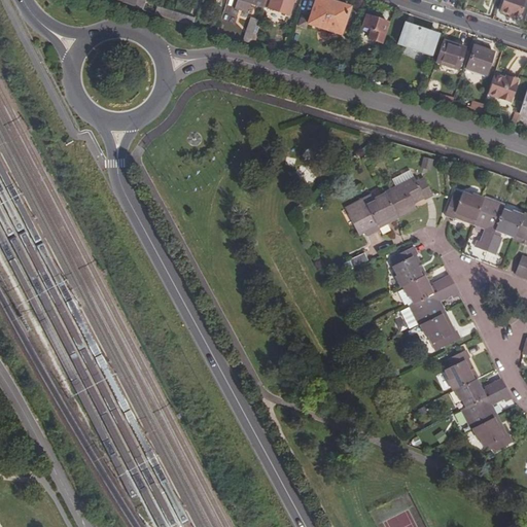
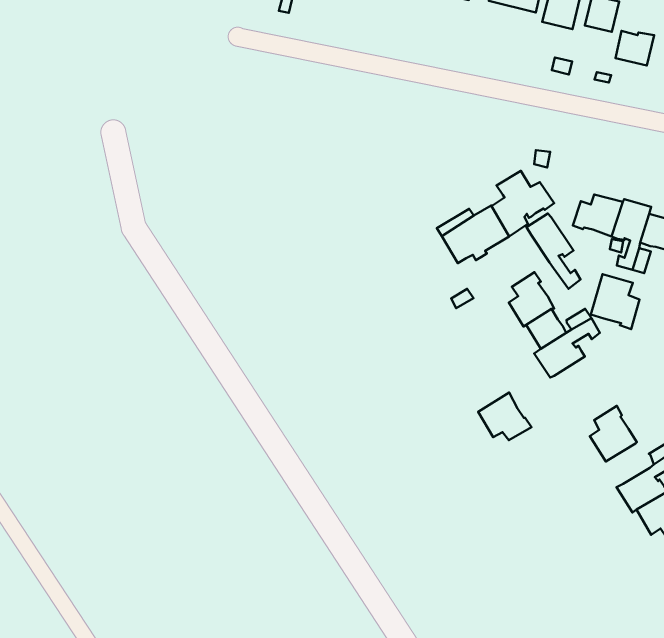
building: none -> [526,214,580,289]
building: none -> [591,274,640,329]
building: [422,310,460,345] -> [478,392,531,440]
building: [457,377,487,406] -> none

